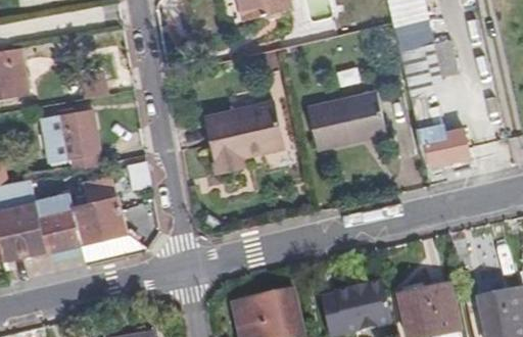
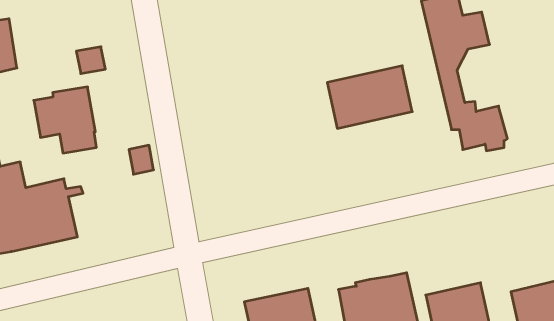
building: [204,100,286,171] -> none
building: [74,179,149,266] -> none

